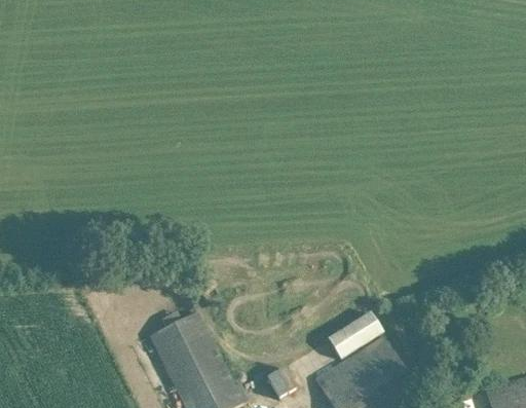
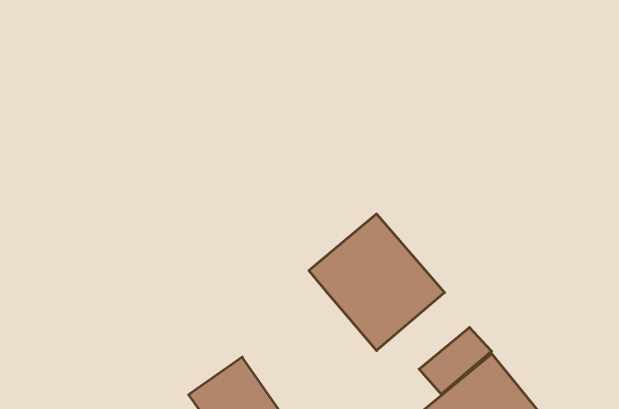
building: none -> [309,214,445,351]

